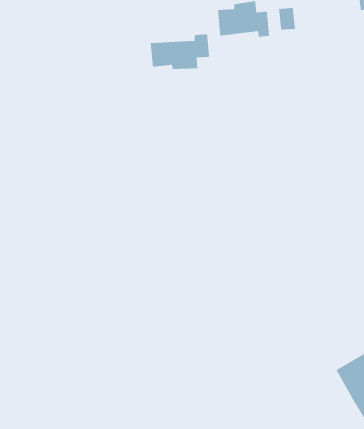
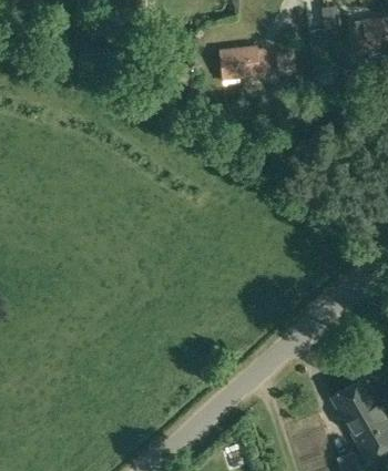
building: [150,34,210,70] -> none

